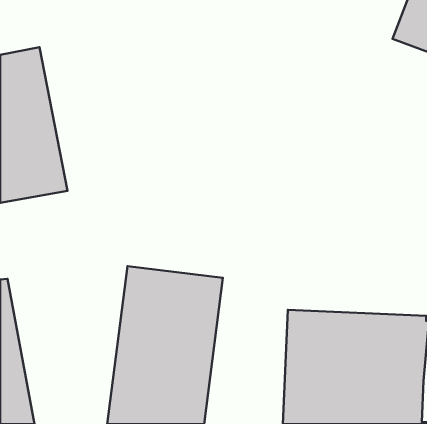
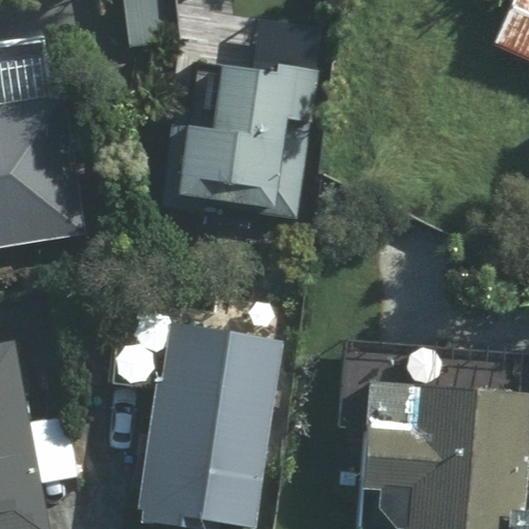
building: none -> [155,63,318,224]

